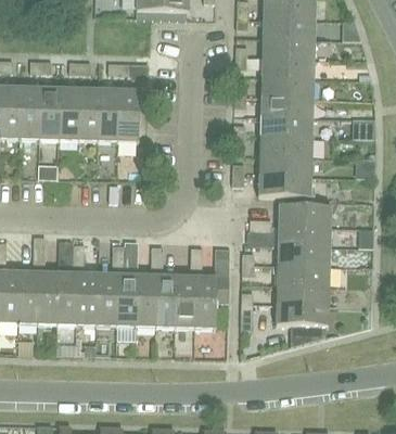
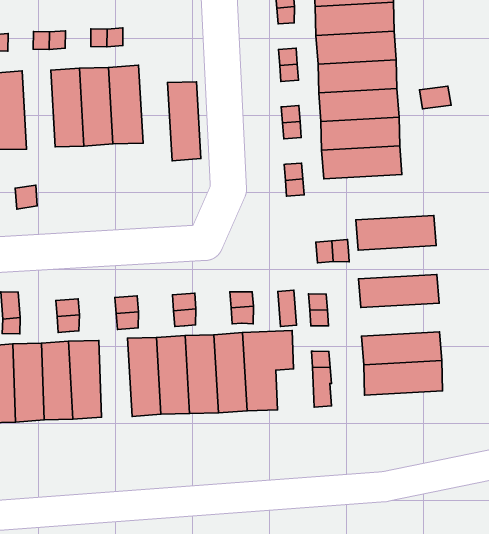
building: [59,85,79,138] -> [168,82,201,161]
building: [257,174,311,195] -> none
building: [277,224,331,244] -> none
building: [276,263,330,283] -> none
building: [95,271,117,324] -> none

